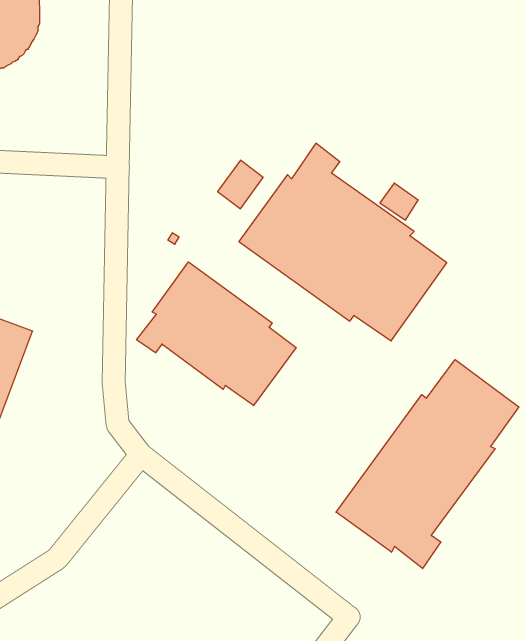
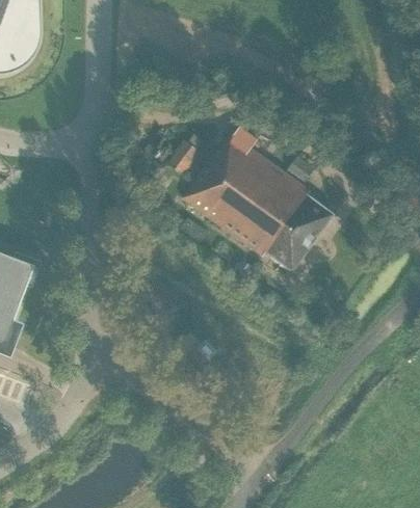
building: [137,262,296,406] -> none
building: [336,360,519,569] -> none

